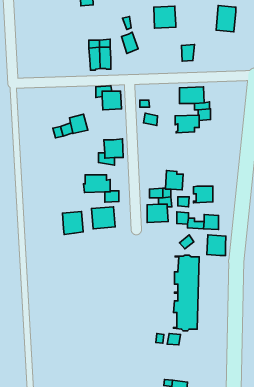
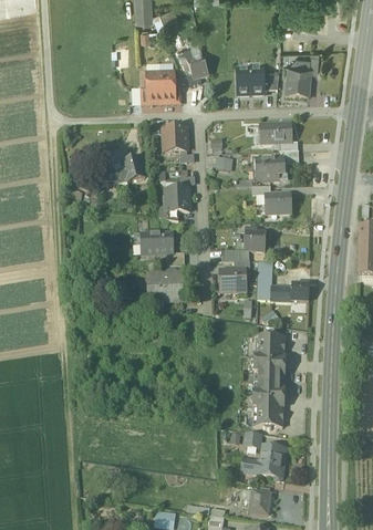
building: [216,5,236,32] -> [286,63,310,96]
building: [154,6,176,28] -> [236,66,263,94]
building: [194,186,213,203] -> [266,193,290,214]
building: [63,212,83,234] -> none
building: [207,235,226,256] -> none
building: none -> [245,445,283,479]

